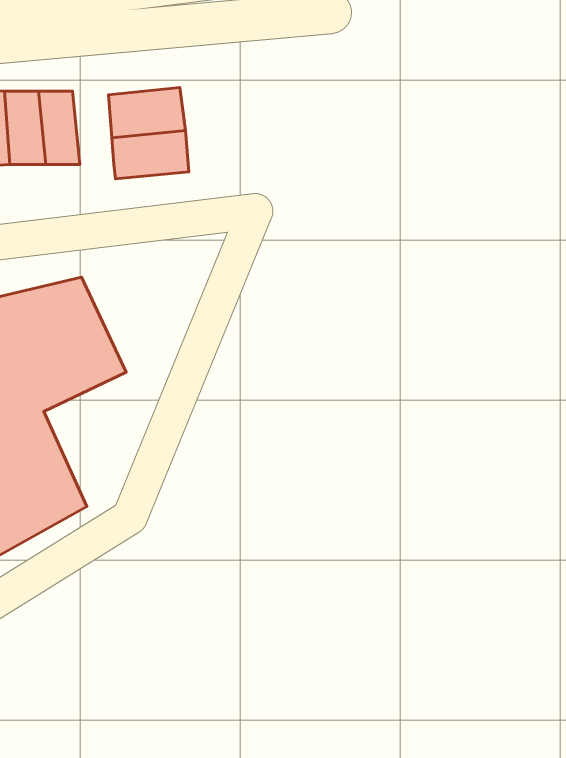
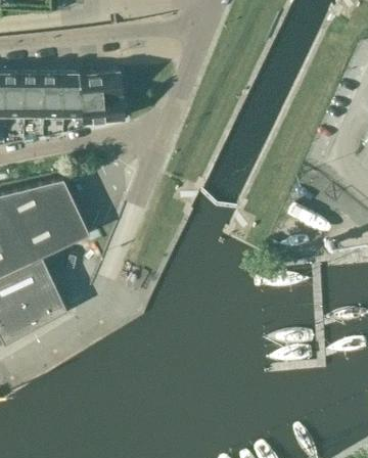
building: none -> [56,74,80,116]

